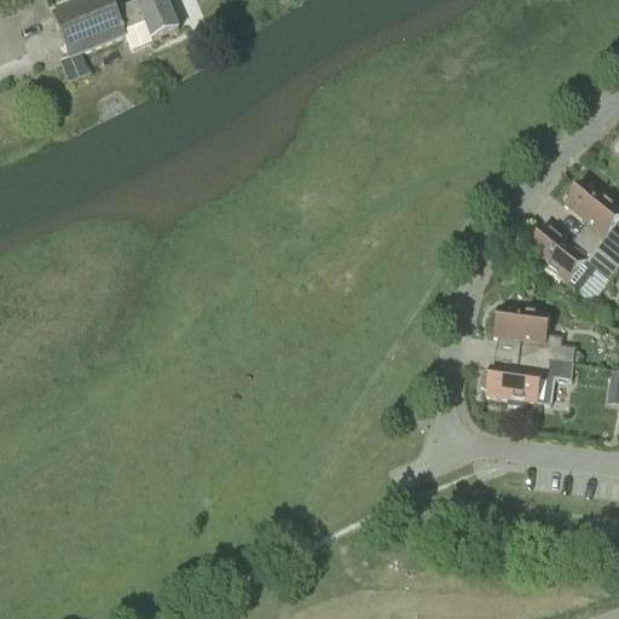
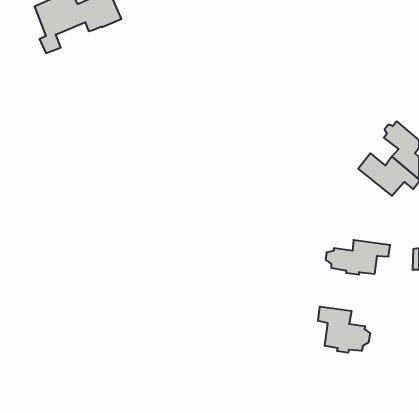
building: [496,307,578,361] -> none
building: none -> [318,306,370,353]

